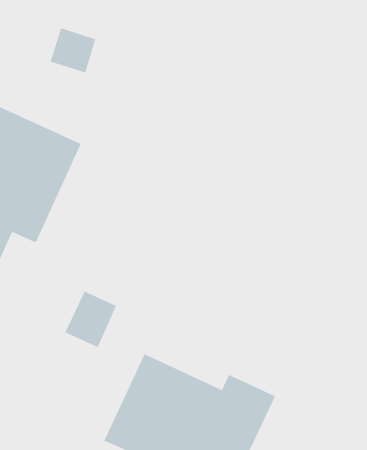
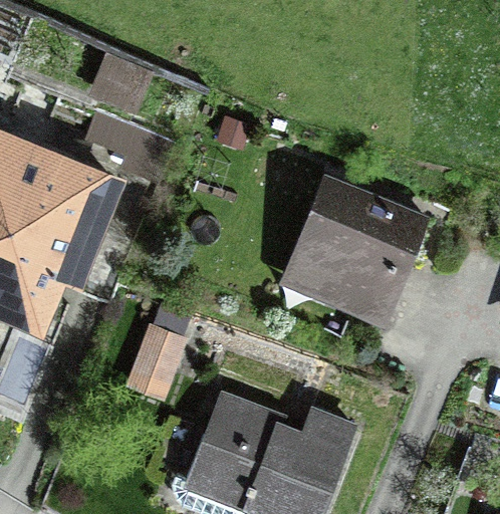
building: none -> [283,182,428,326]

